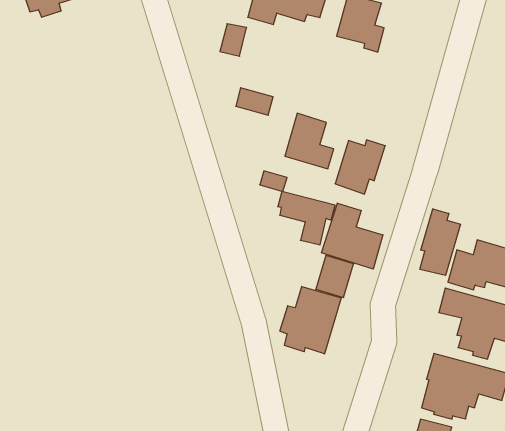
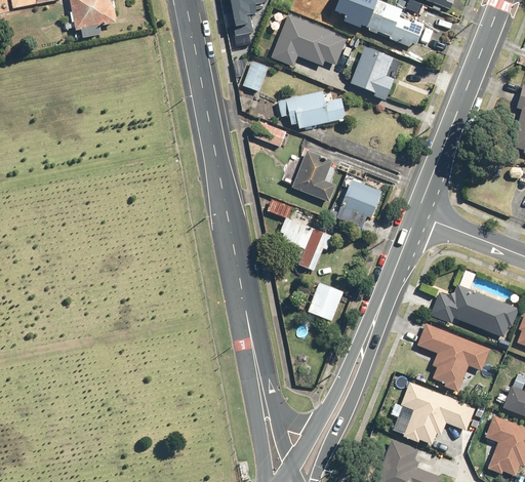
building: none -> [278,91,347,128]
building: [322,203,383,269] -> none
building: [420,209,460,275] -> none
building: [280,286,341,354] -> none

